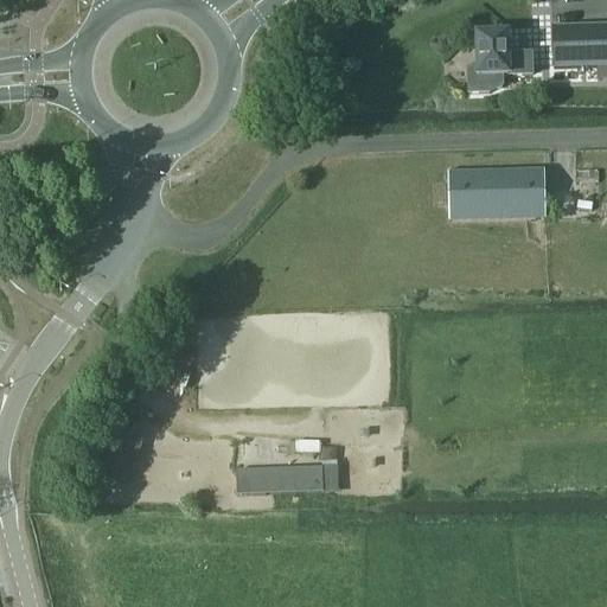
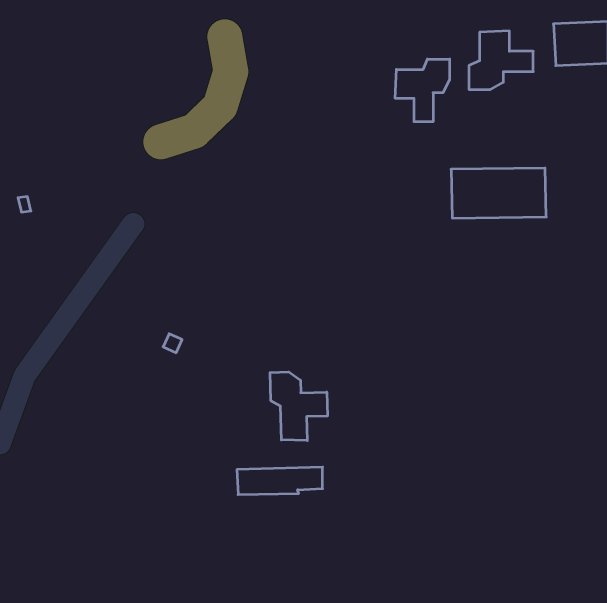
building: none -> [395,59,450,122]
building: none -> [270,372,327,441]

